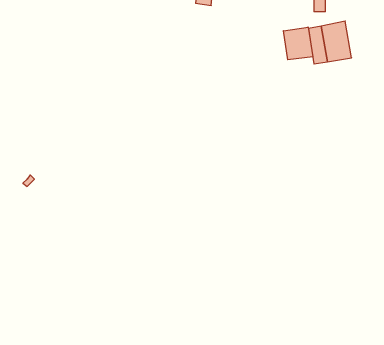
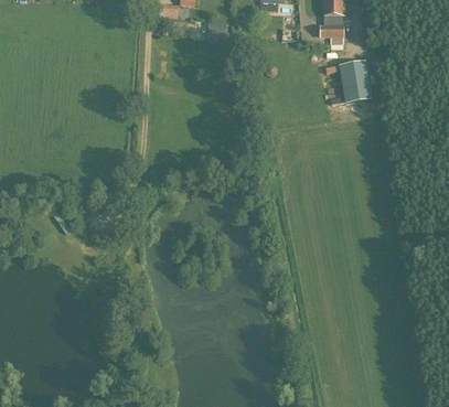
building: [283,27,313,60] -> none

